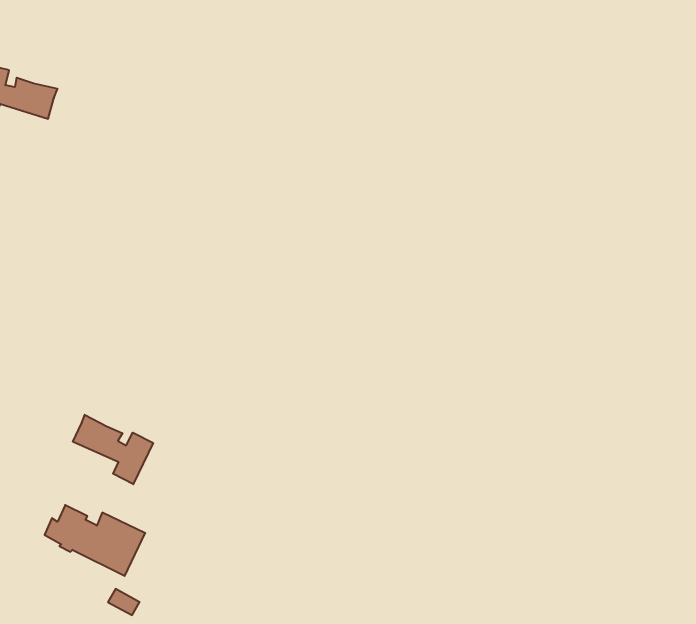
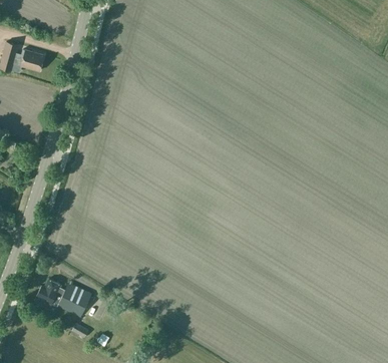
building: [73,415,153,484] -> none

